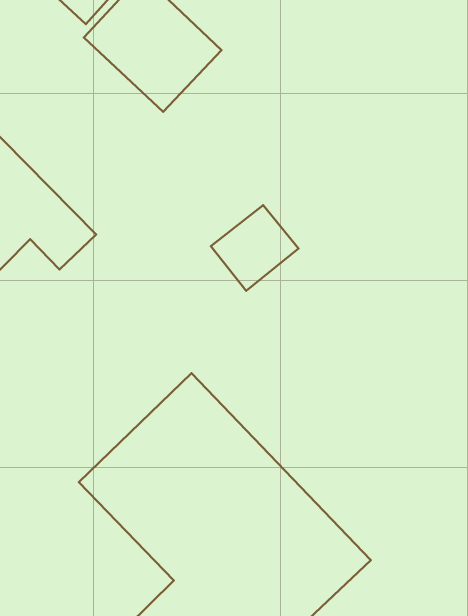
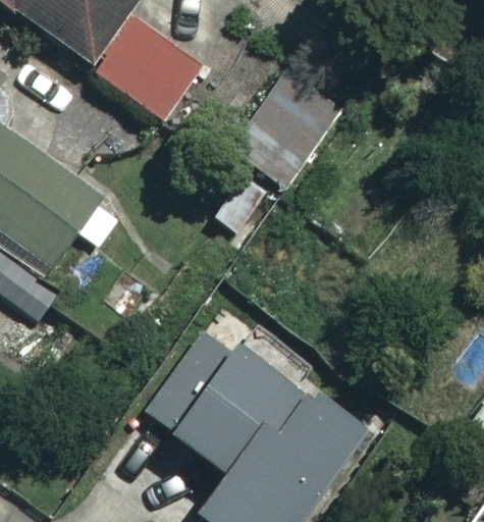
building: none -> [233,79,341,193]

